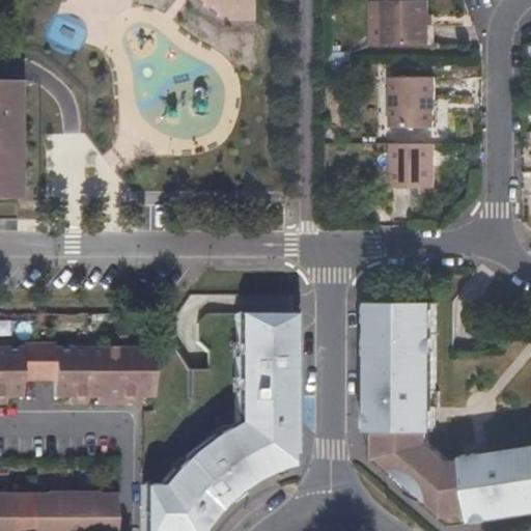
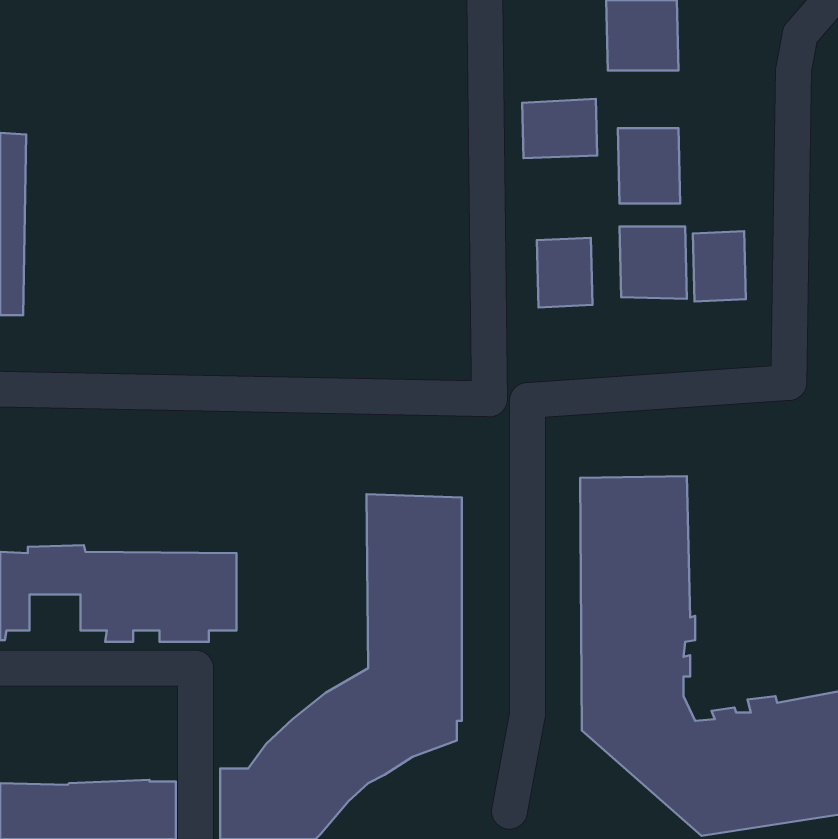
building: none -> [522,99,597,158]
building: none -> [693,231,746,302]
building: none -> [537,238,592,307]

